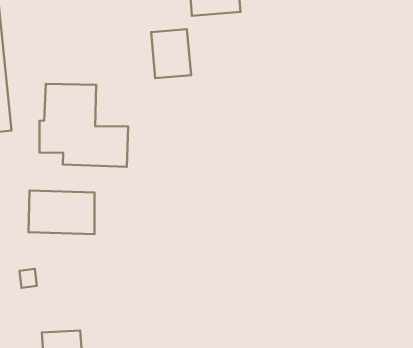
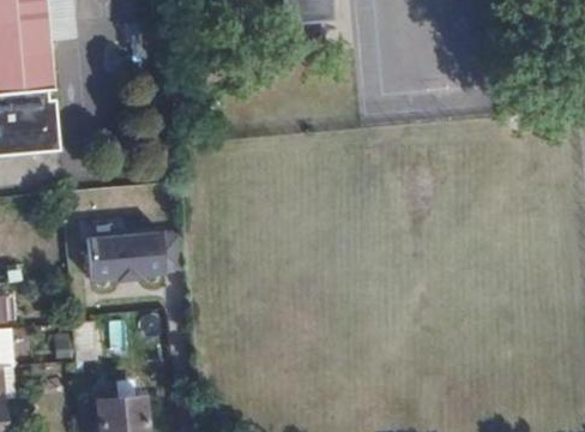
building: [151,29,191,78] -> none
building: [40,84,128,167] -> none

